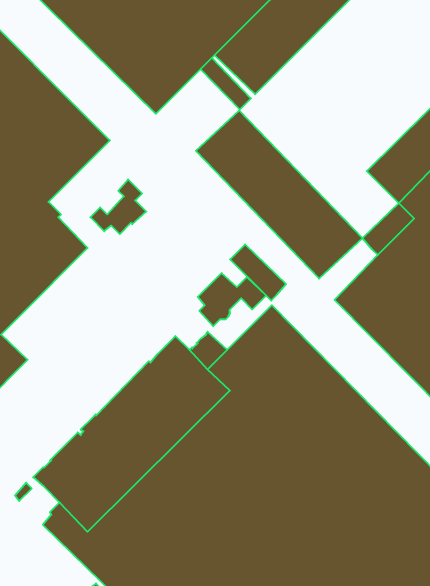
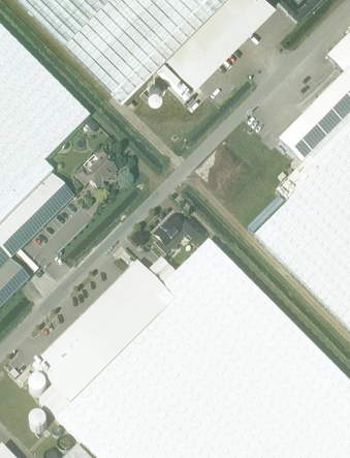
building: [196,110,362,279] -> none
building: [230,244,286,301] -> none

